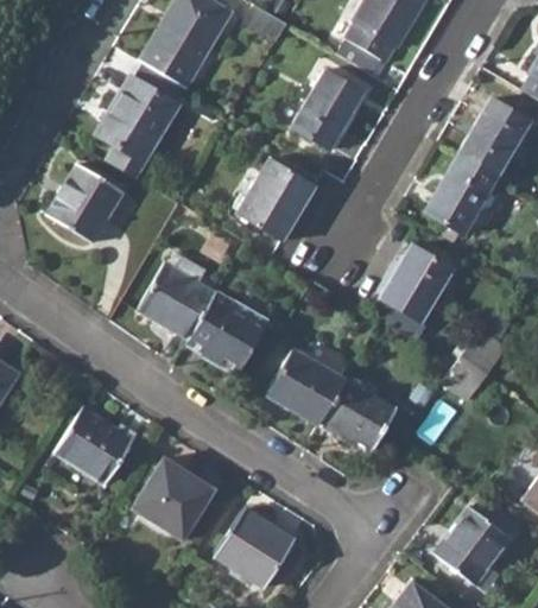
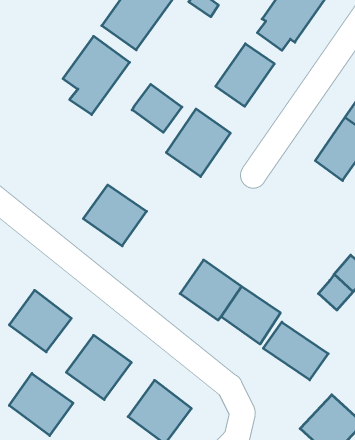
building: none -> [132,84,182,132]
building: [49,164,125,241] -> none
building: [381,246,454,321] -> none
building: [188,293,270,373] -> none
building: none -> [263,322,328,380]
building: none -> [9,373,73,436]

